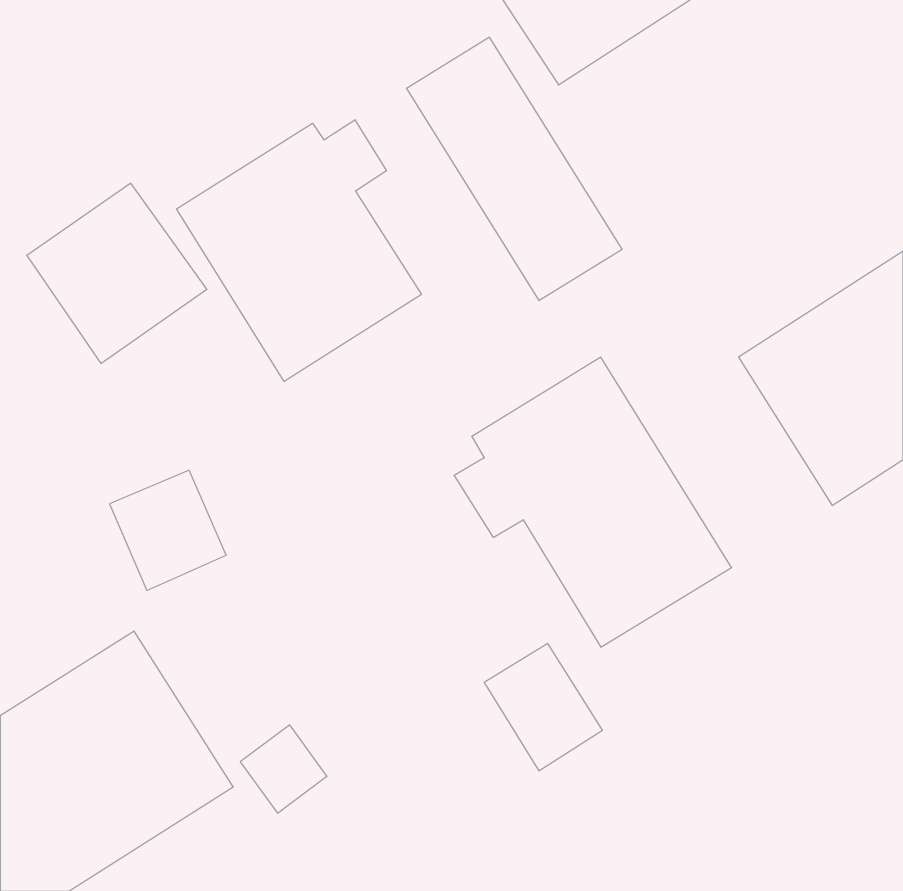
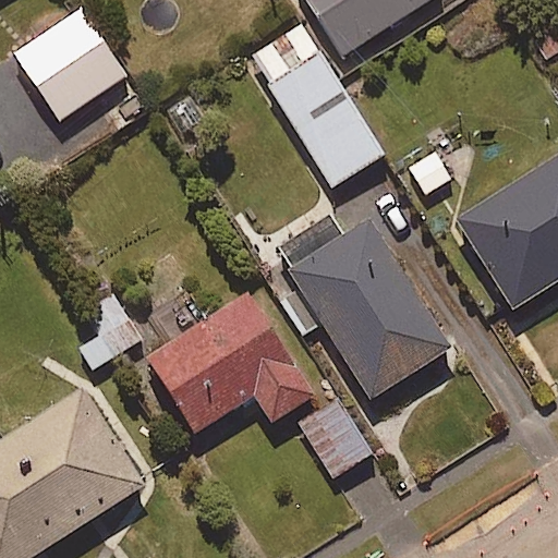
building: [176,120,421,382] -> none
building: [27,183,207,363] -> [14,8,125,119]
building: none -> [146,293,313,434]

